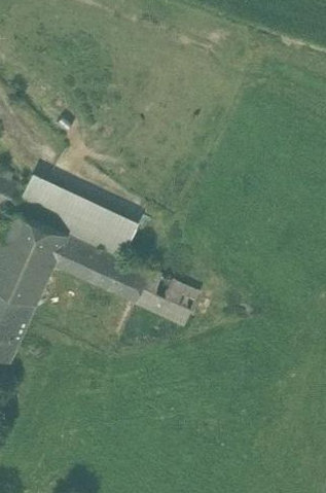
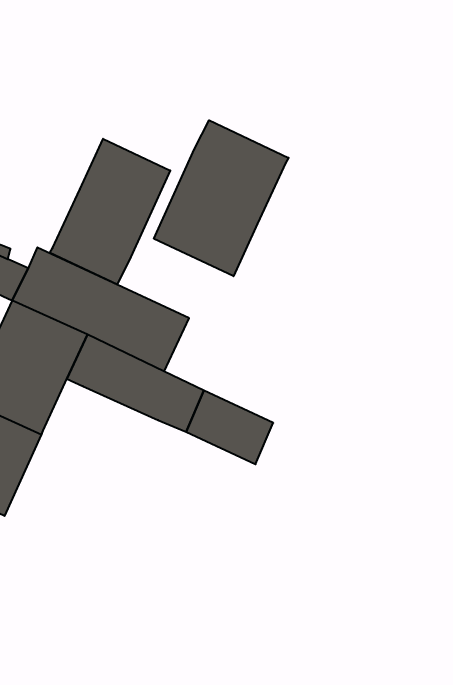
building: none -> [154,120,289,276]
building: none -> [50,139,170,285]

